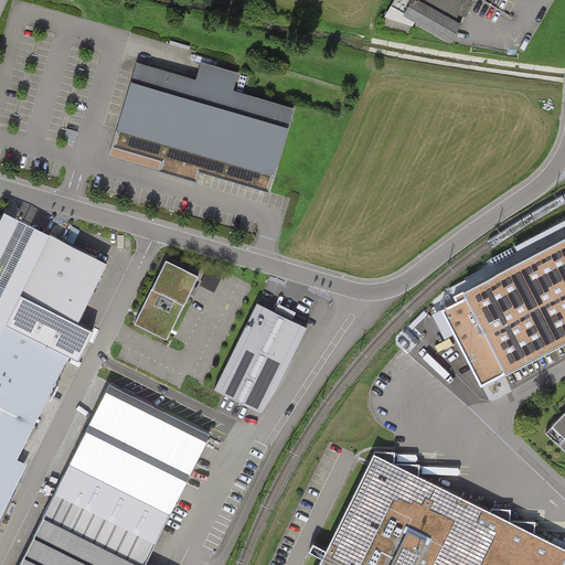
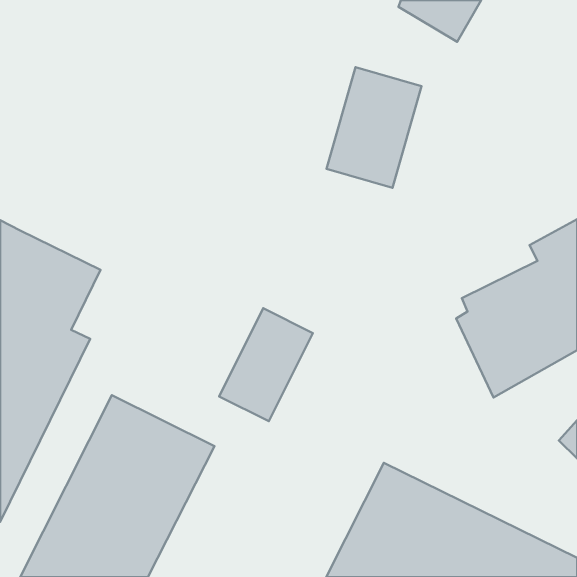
building: [116,63,292,178] -> none
building: none -> [327,67,422,188]
building: [134,257,200,339] -> none

